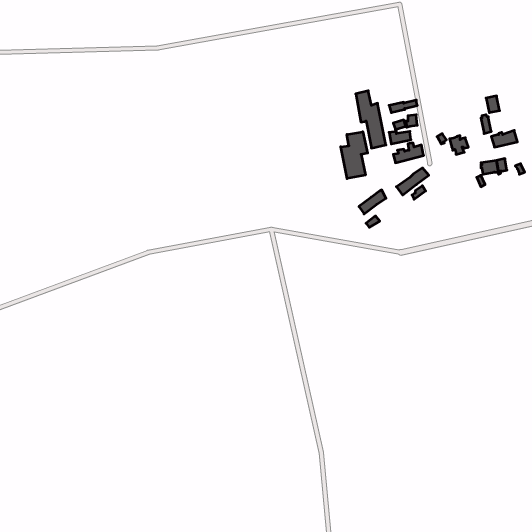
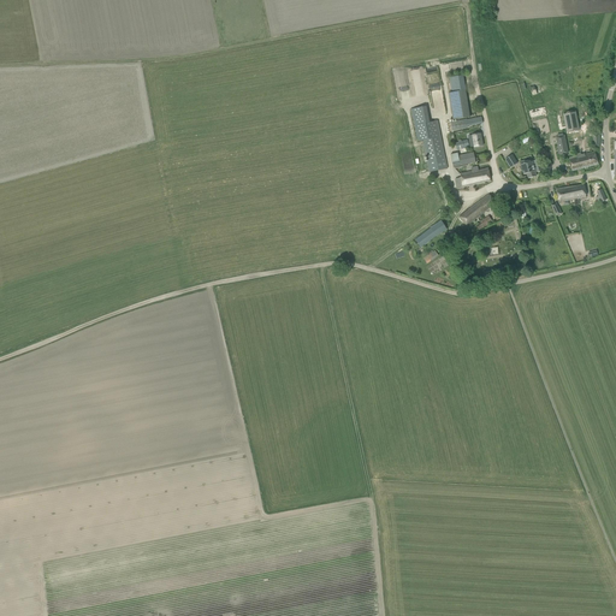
building: none -> [448,75,468,118]
building: [341,132,368,179] -> none

